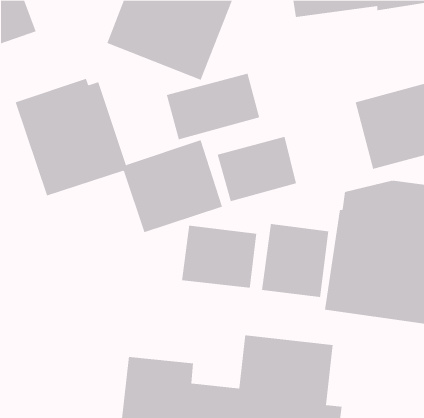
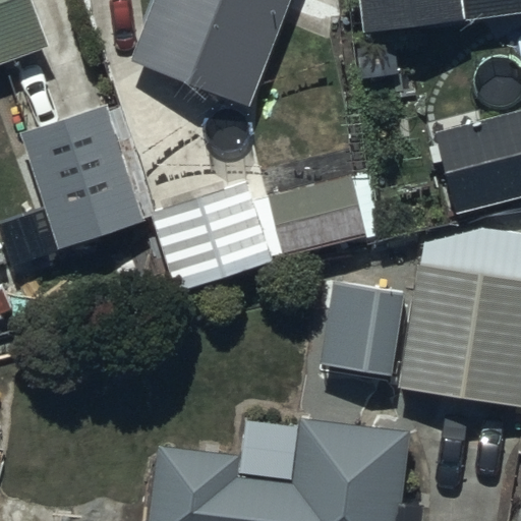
building: [166,73,260,140] -> none
building: [182,225,257,289] -> none

